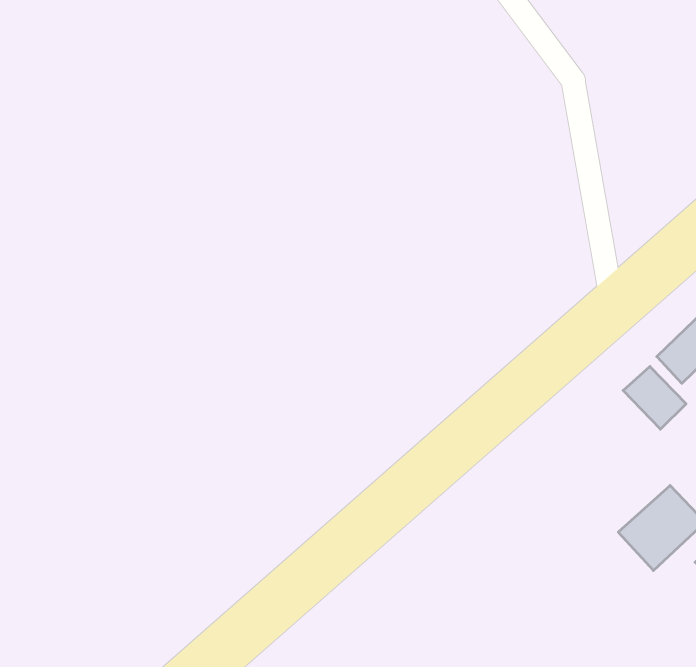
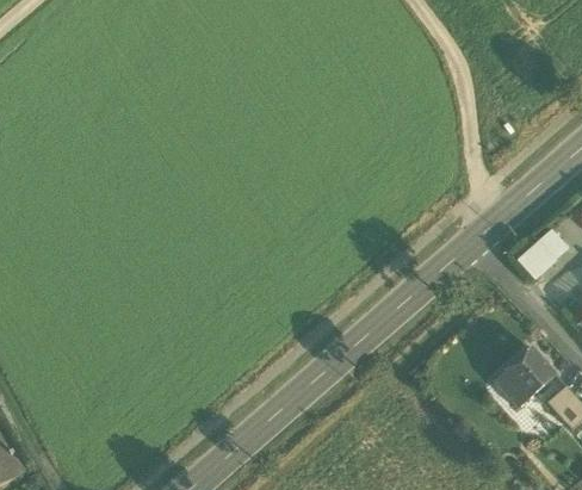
building: [623,366,686,429] -> none

